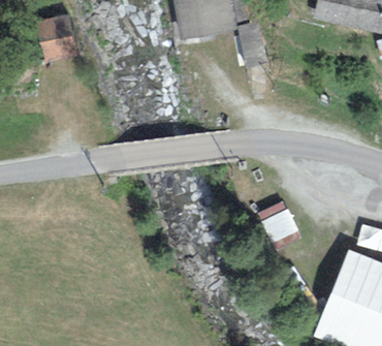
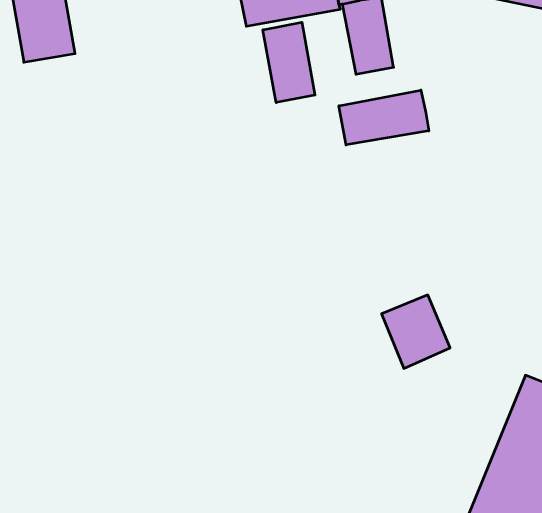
building: none -> [263,22,315,103]
building: none -> [339,90,429,145]

